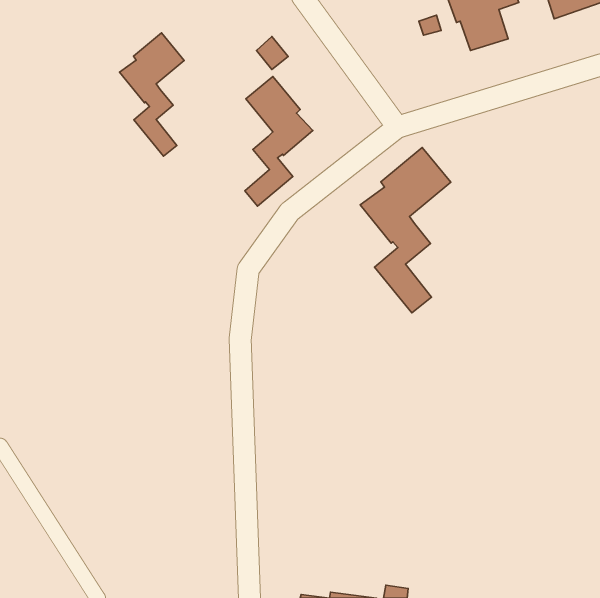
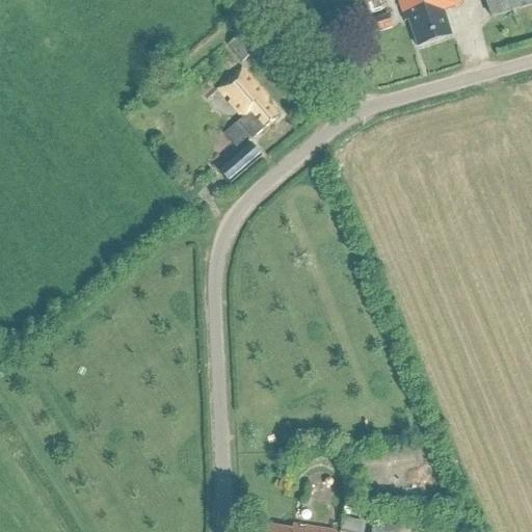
building: [120,33,184,156] -> none
building: [360,147,451,313] -> none

